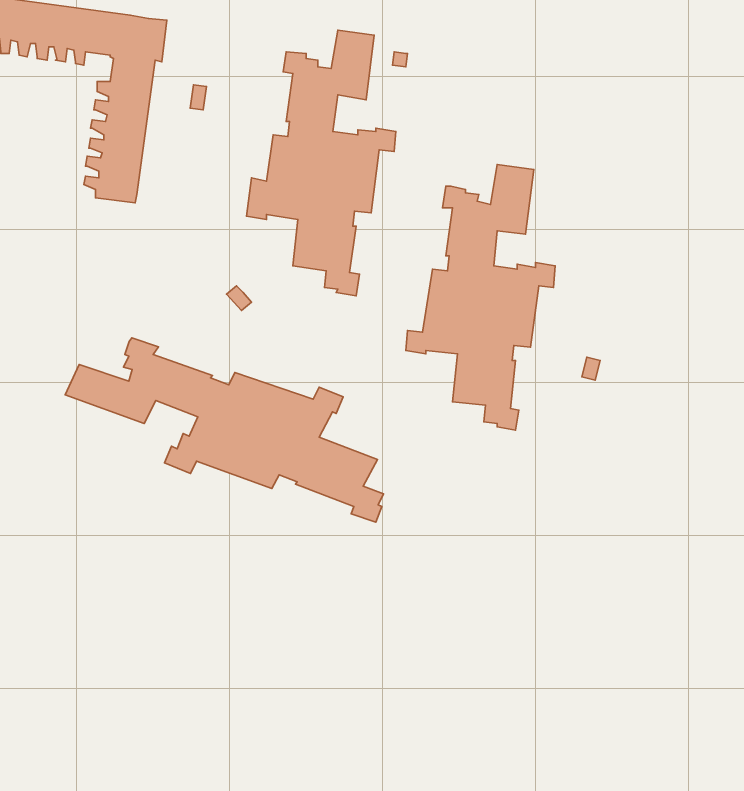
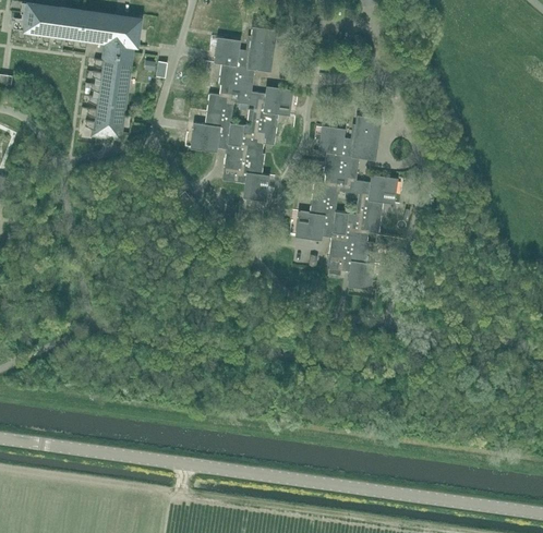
building: [65,338,383,522] -> none

